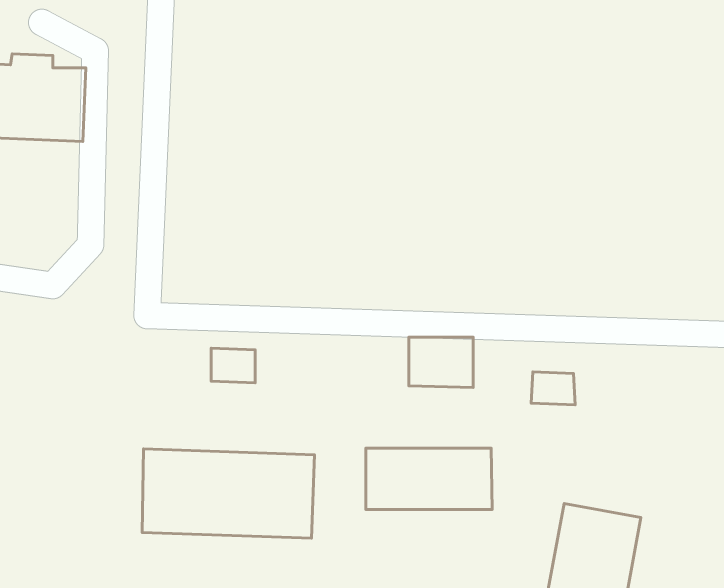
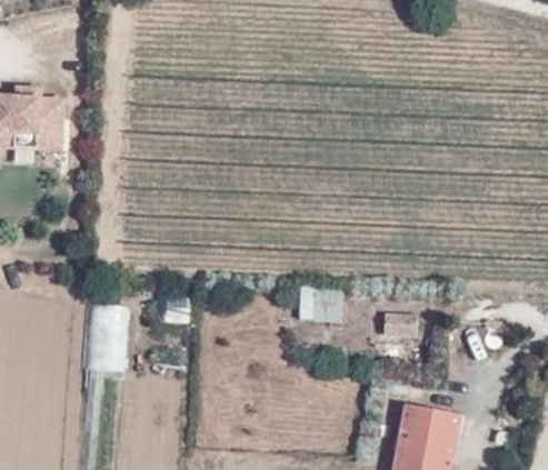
building: [366,448,492,510] -> none
building: [142,449,315,538] -> none

